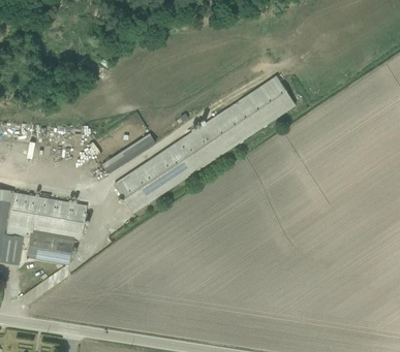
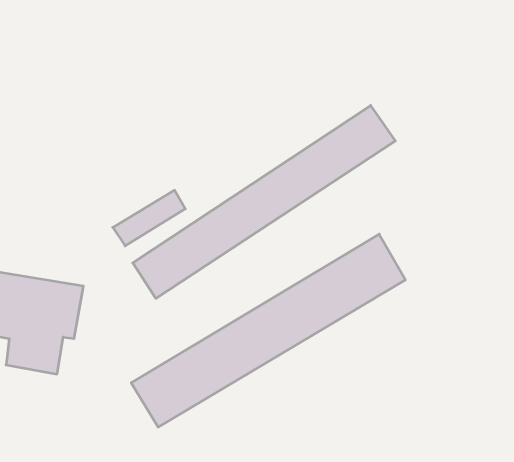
building: none -> [131,234,405,427]

